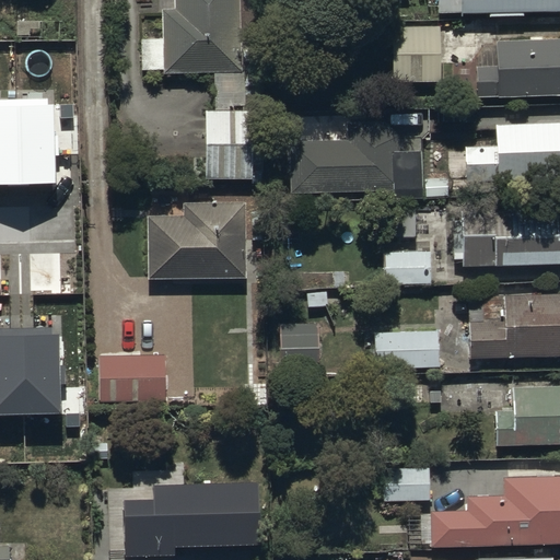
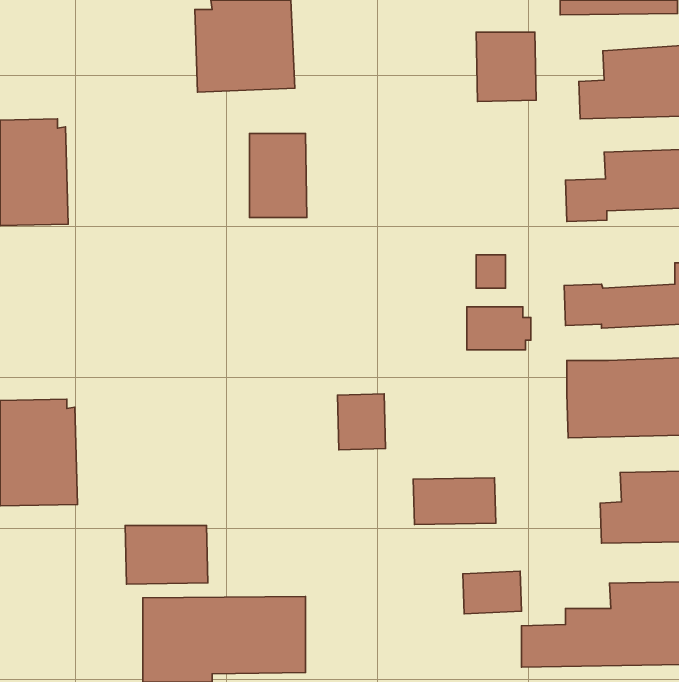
building: [291,121,424,198] -> none
building: [148,201,247,279] -> none
building: [373,330,441,369] -> [413,478,496,524]
building: [97,355,165,404] -> [125,525,208,584]

